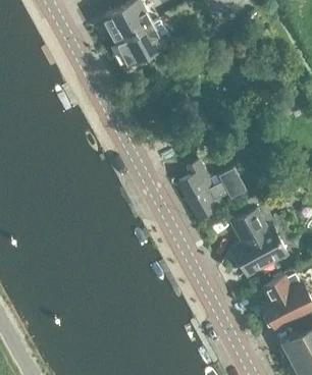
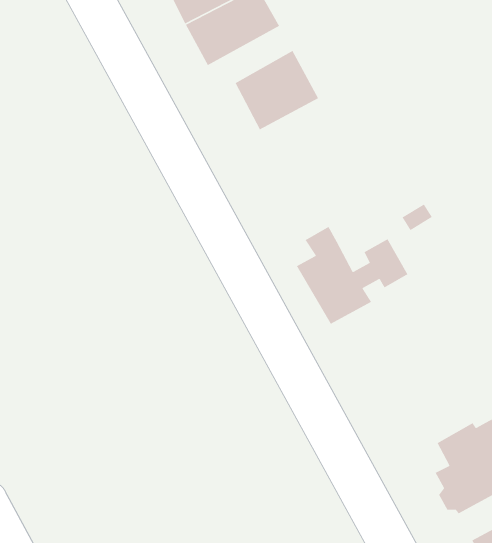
building: none -> [235,50,319,130]
building: [231,209,289,276] -> none

